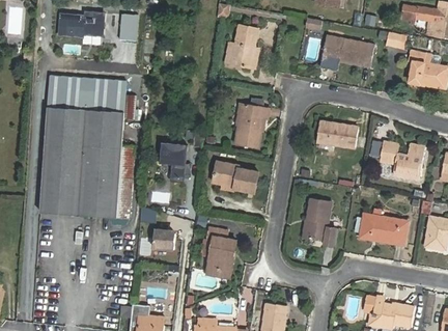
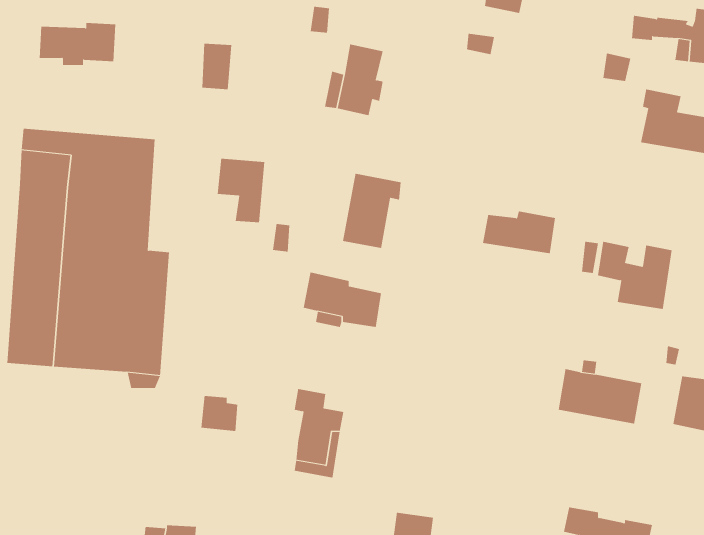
building: [120,16,138,43] -> [202,43,232,90]
building: [321,36,373,65] -> none
building: [160,142,188,180] -> [217,158,265,223]
building: [305,198,336,247] -> none

